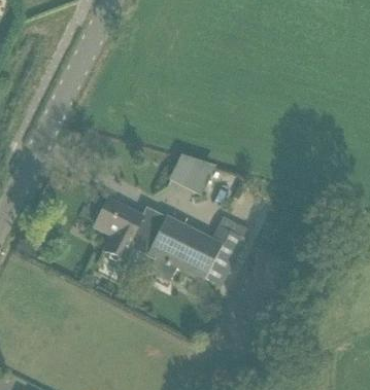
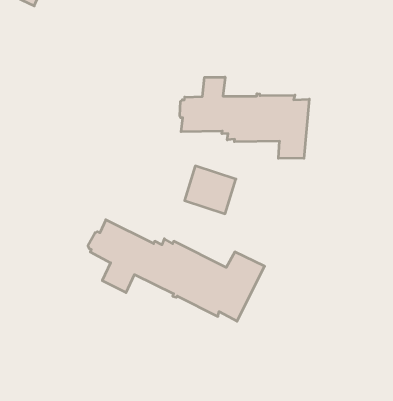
building: none -> [180,77,309,158]

